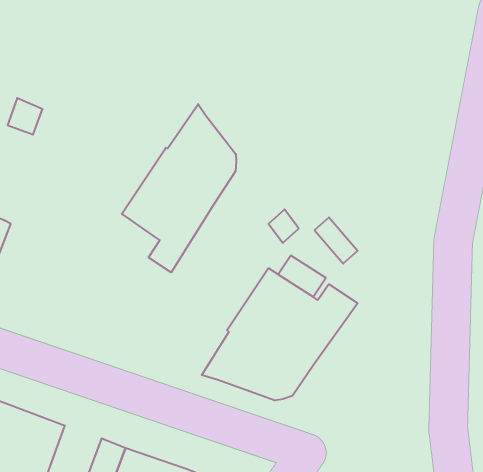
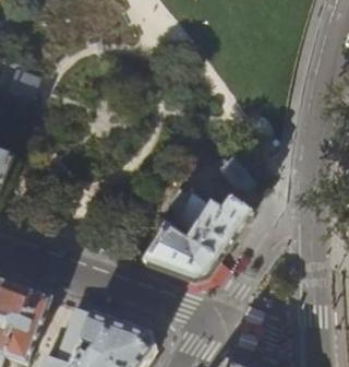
building: [122,104,236,272] -> none

